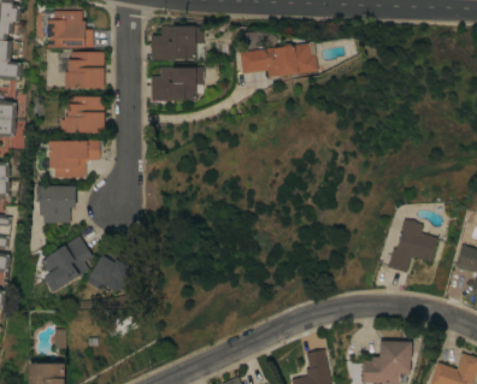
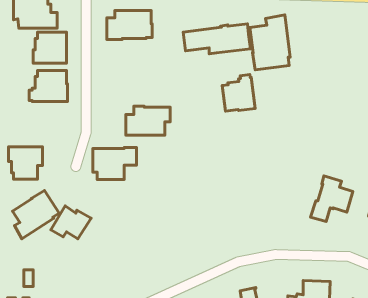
building: none -> [250,15,290,70]
building: [151,66,202,100] -> [126,106,170,135]
building: none -> [222,75,255,111]
building: [49,140,100,177] -> [93,147,136,179]

